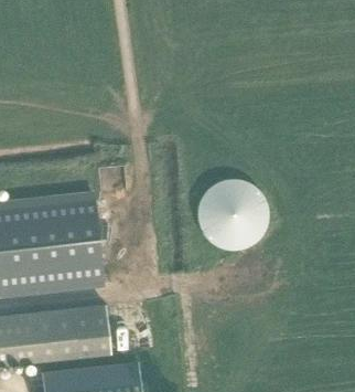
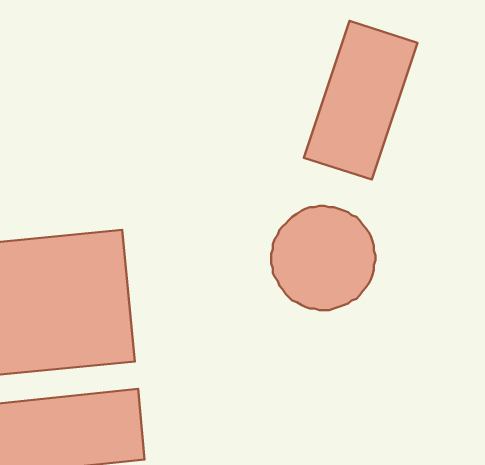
building: none -> [304,21,417,180]

